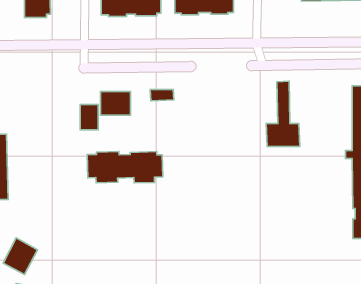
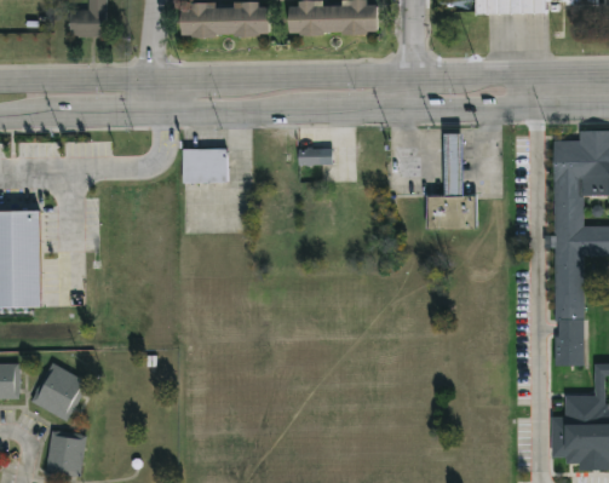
building: [150,89,174,101] -> [299,149,334,166]
building: [80,104,98,130] -> none
building: [87,152,163,183] -> none

